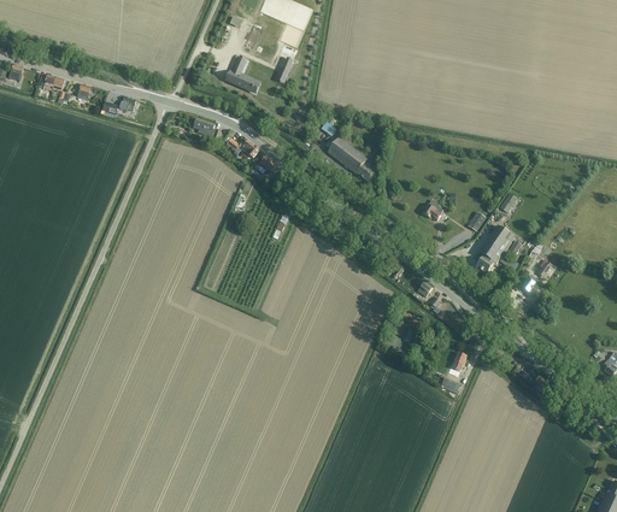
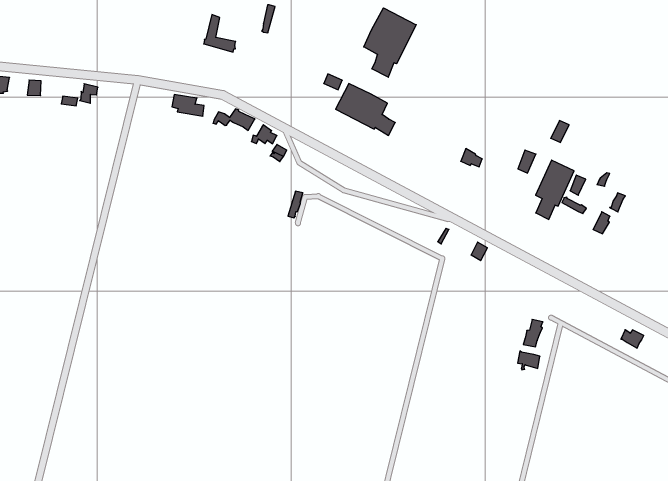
building: none -> [364,8,416,77]

